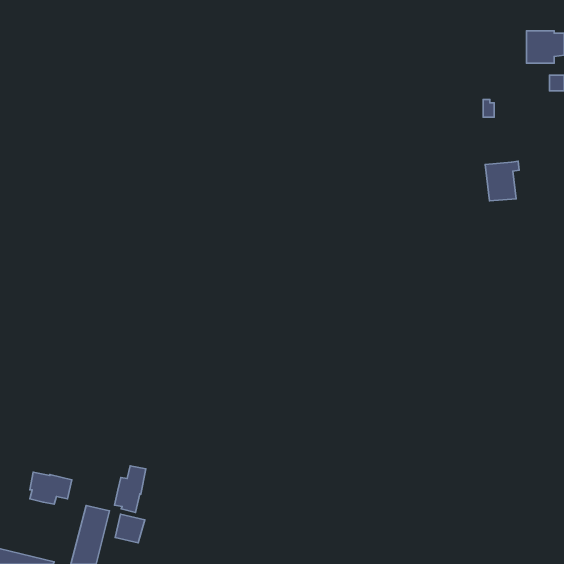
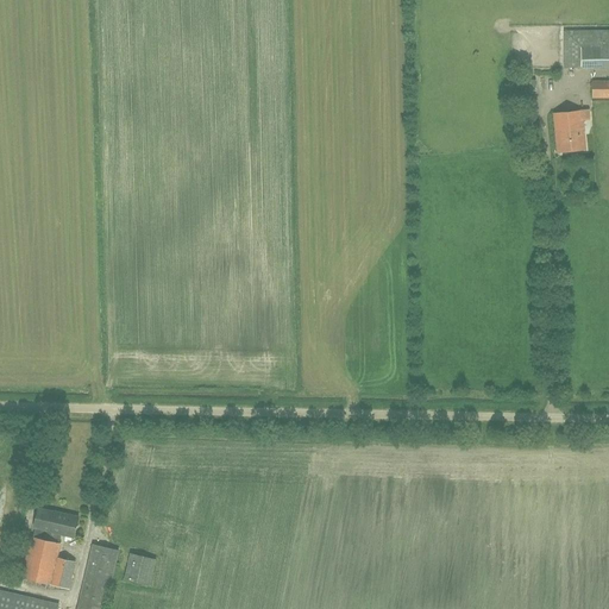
building: [485,161,519,201] -> [552,109,589,152]
building: [115,466,146,513] -> none
building: none -> [21,536,75,588]

